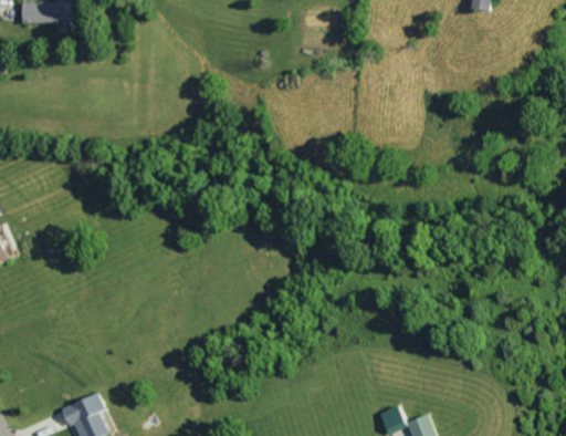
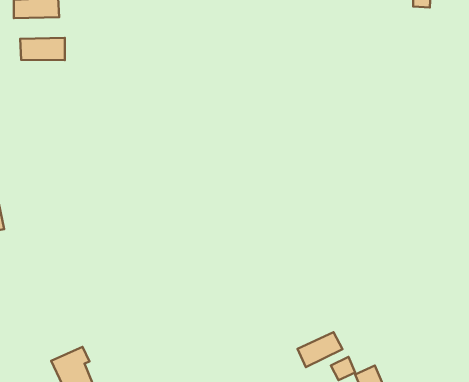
building: none -> [20,38,65,60]
building: none -> [297,332,342,367]

